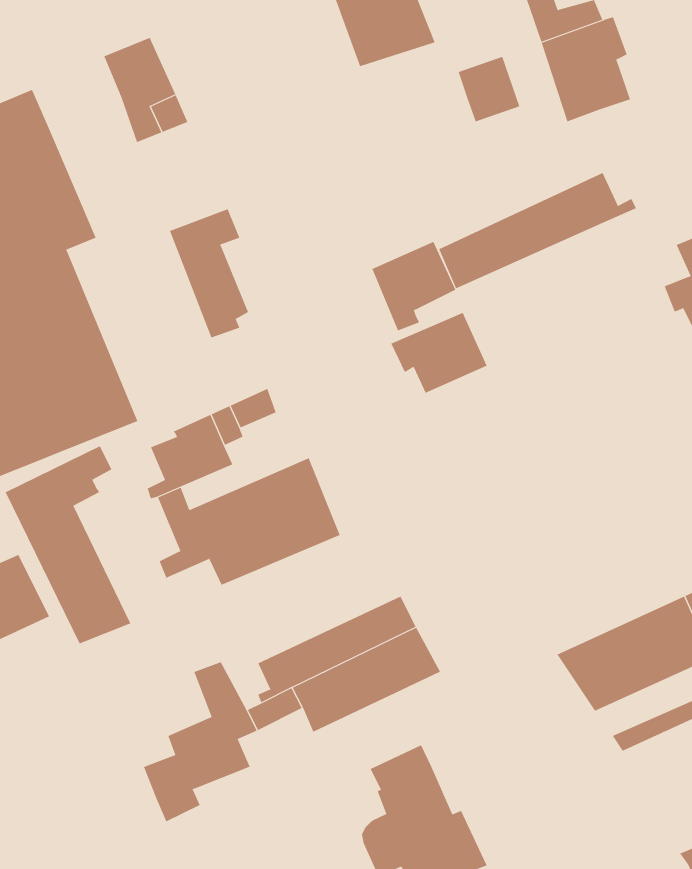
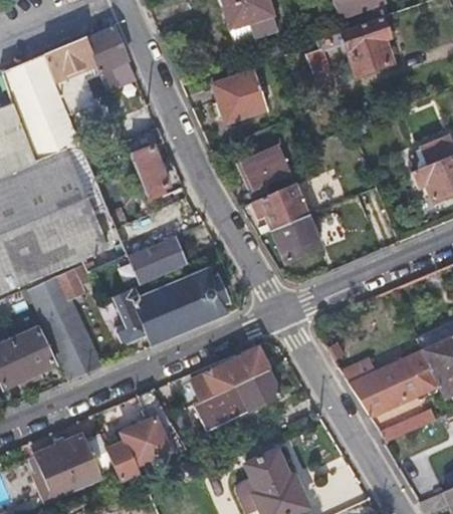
building: none -> [45,36,109,113]
building: none -> [214,70,268,122]
building: [438,172,637,289] -> none
building: none -> [273,216,323,265]
building: none -> [36,431,117,489]

